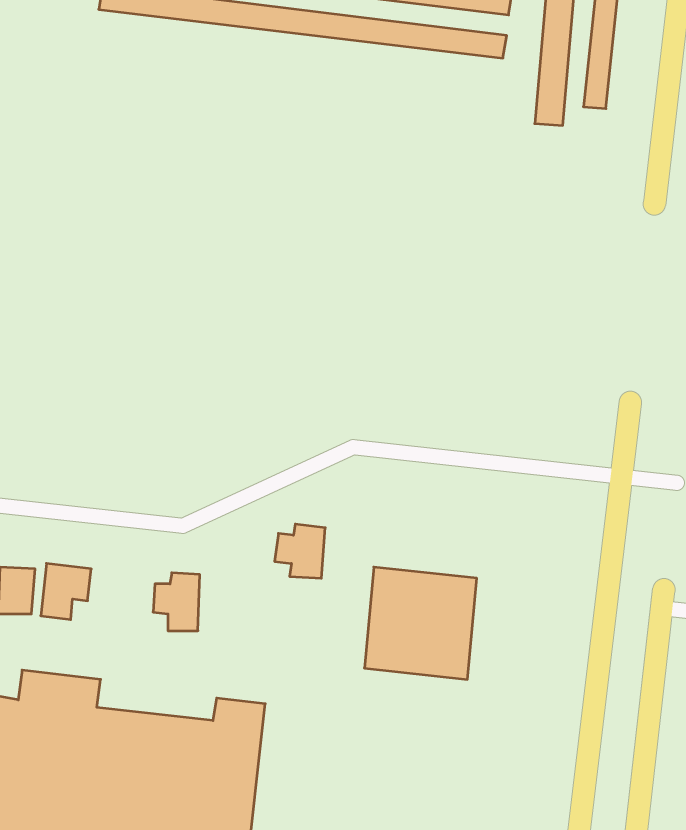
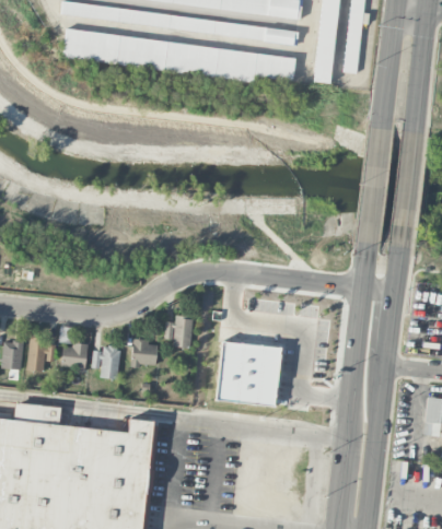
building: none -> [62,31,295,81]
building: none -> [131,339,156,366]
building: none -> [60,343,88,369]

